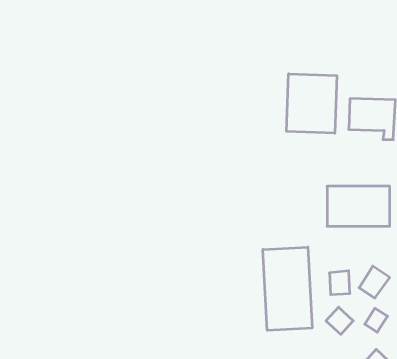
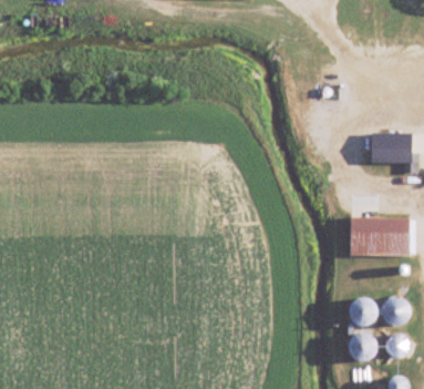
building: [287,74,337,133] -> none
building: [263,247,312,330] -> none

